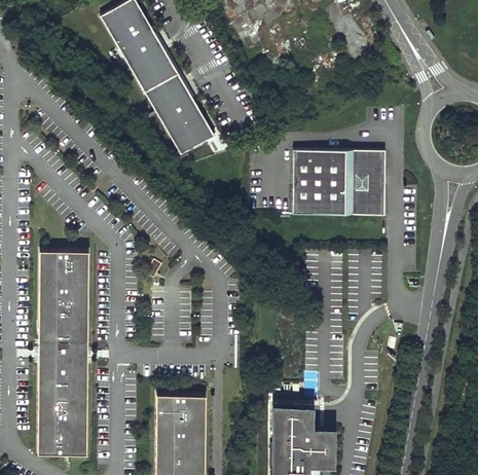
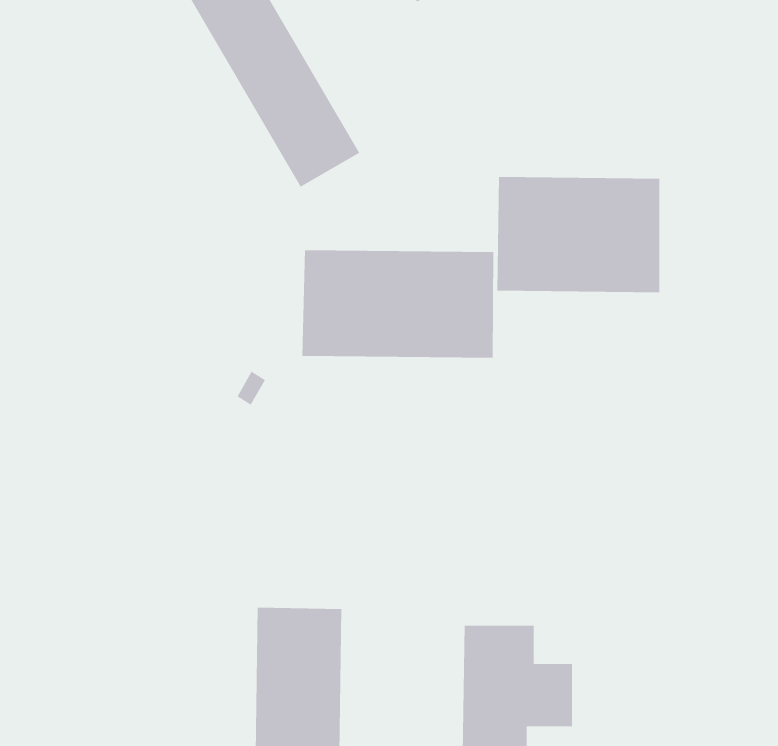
building: none -> [302,249,494,359]
building: [37,251,87,452] -> none

